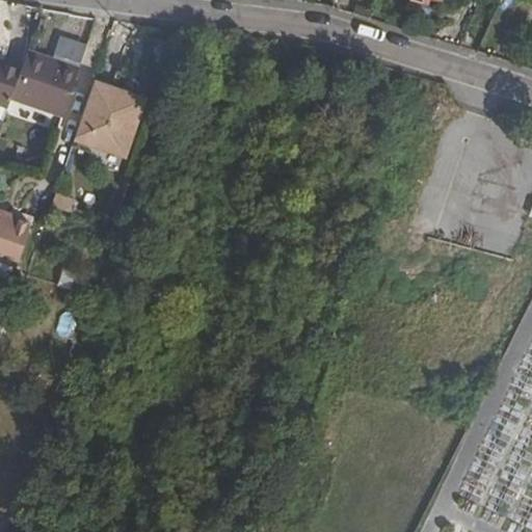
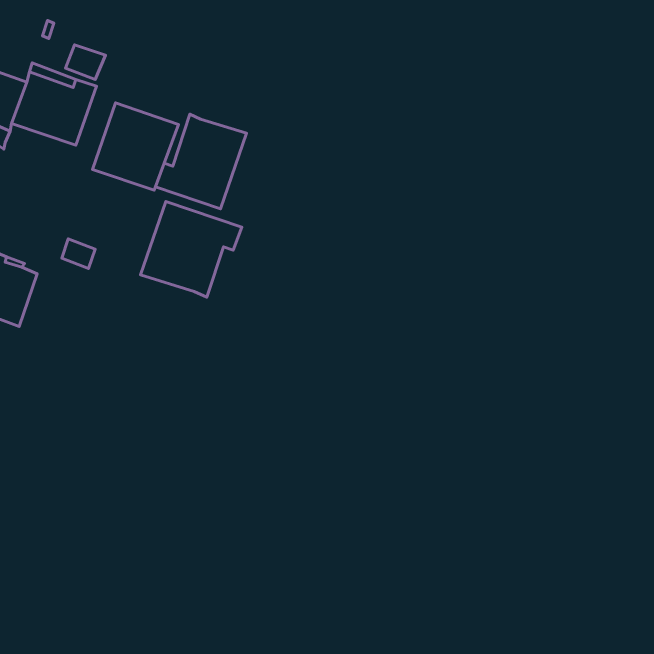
building: none -> [155,114,247,209]
building: none -> [141,201,242,297]

